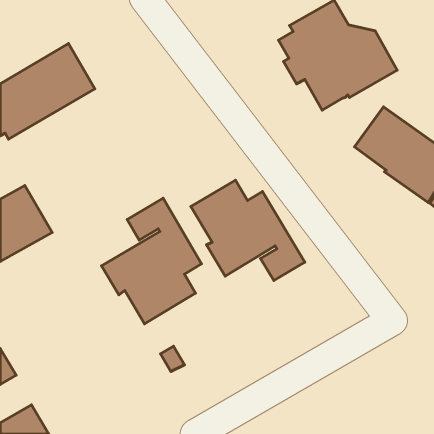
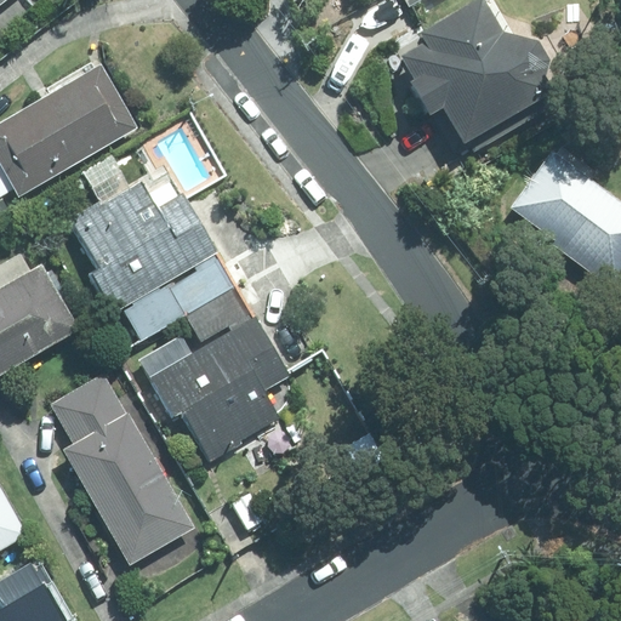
building: none -> [67,170,235,337]
building: [191,180,305,281] -> none
building: none -> [49,372,192,566]

